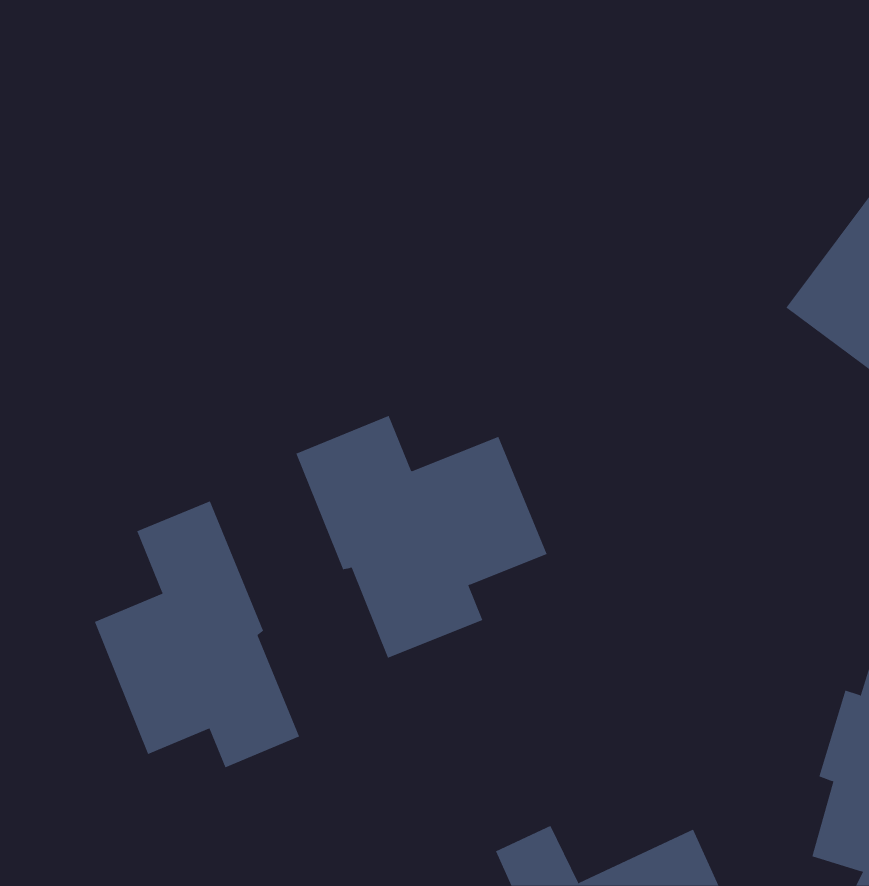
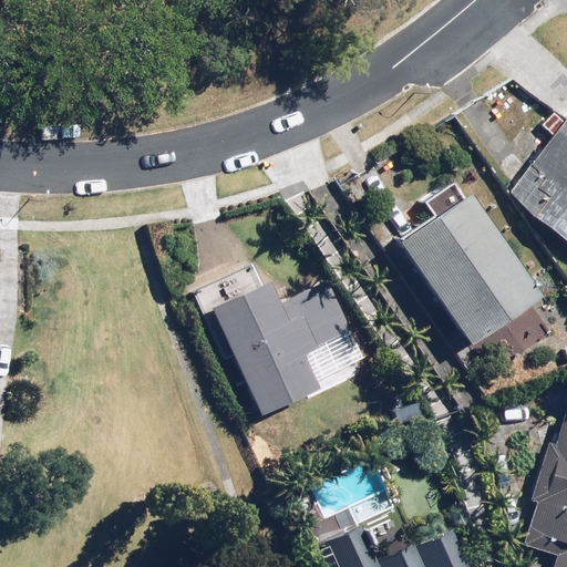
building: none -> [394,182,542,349]
building: [94,501,300,768] -> none

